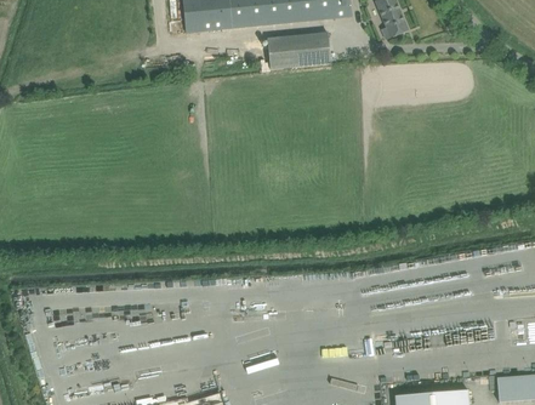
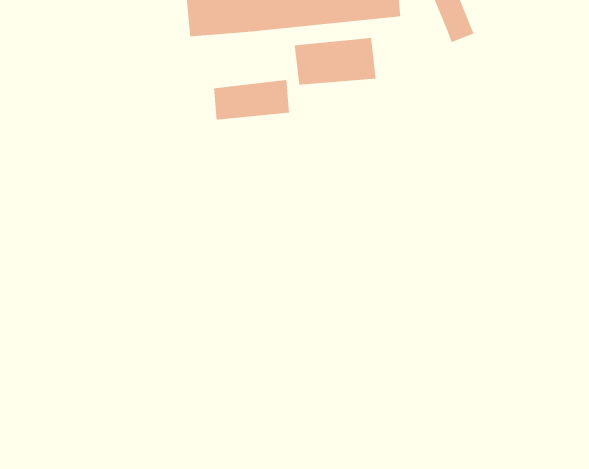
building: none -> [213,79,290,121]

